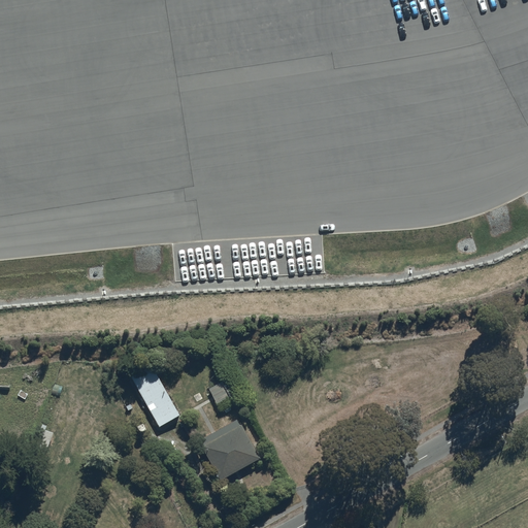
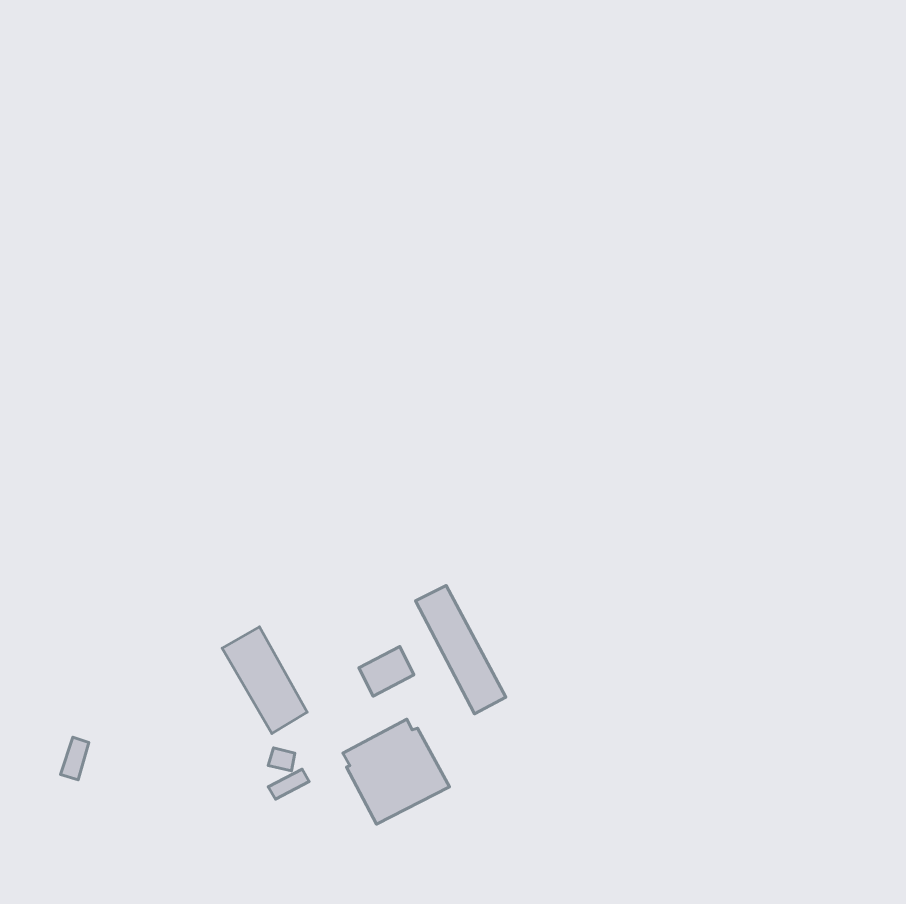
building: none -> [416,586,506,714]

